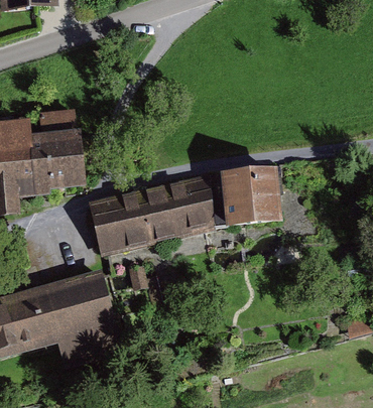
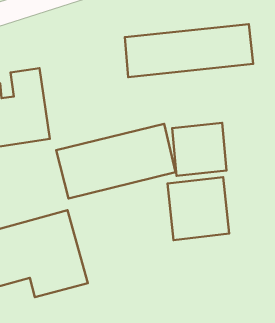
building: none -> [125,24,253,77]
building: none -> [167,177,229,240]

